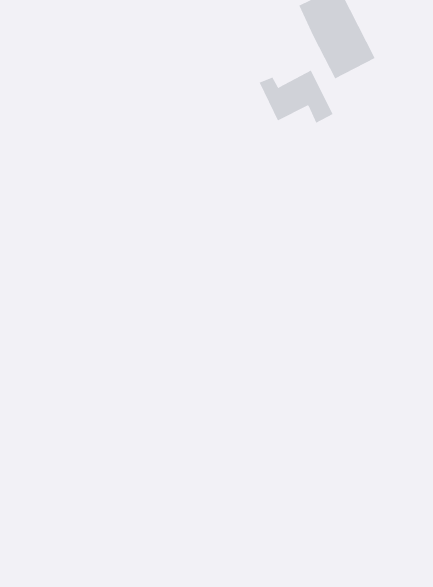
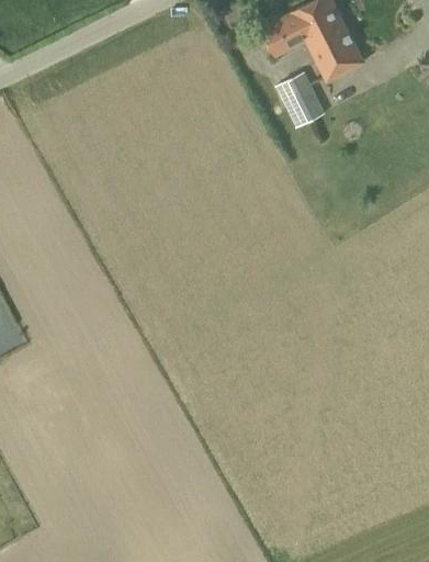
building: none -> [260,11,305,55]

